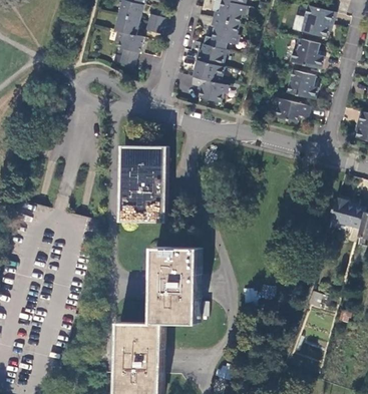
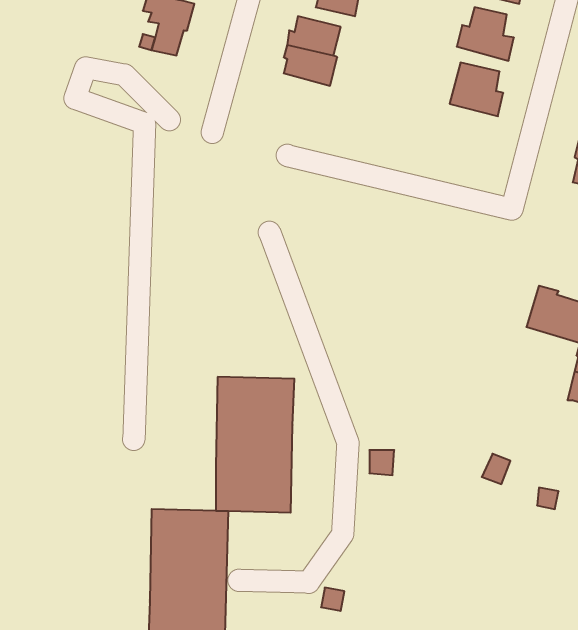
building: [192,76,225,102] -> none
building: [275,98,310,122] -> none
building: [121,145,166,222] -> none

